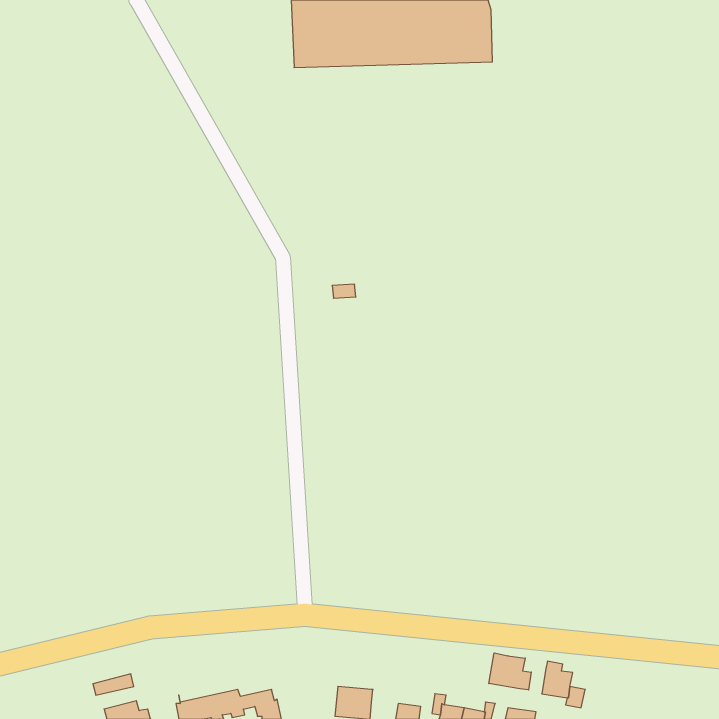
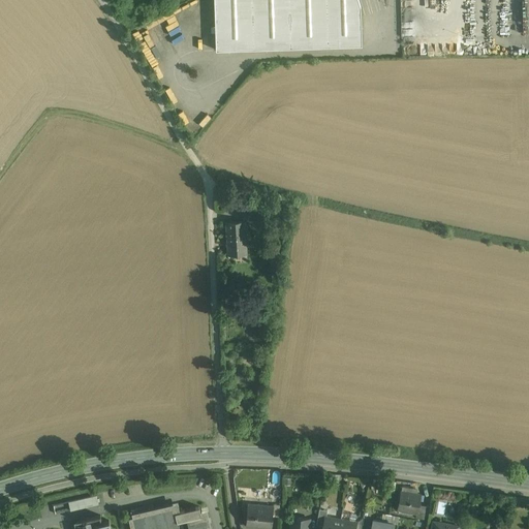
building: none -> [226,221,247,255]
building: [489,653,531,690] -> none

